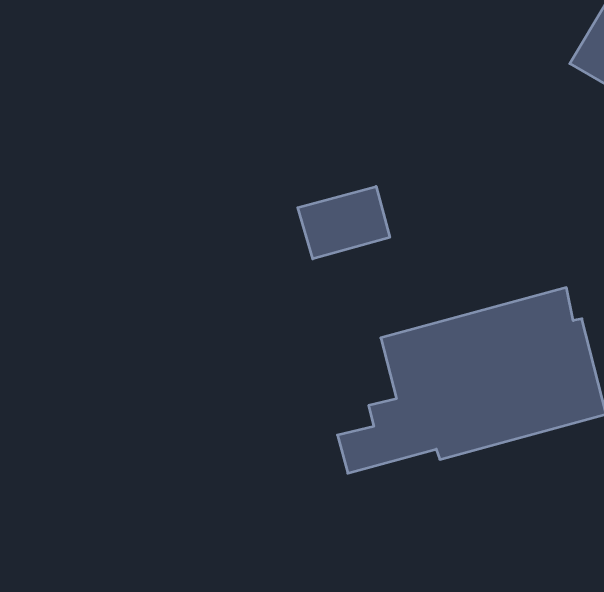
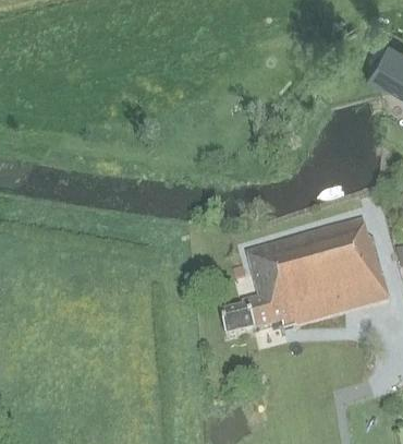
building: [298,186,390,259] -> none

